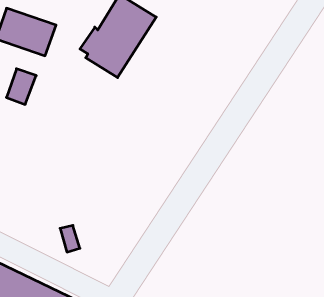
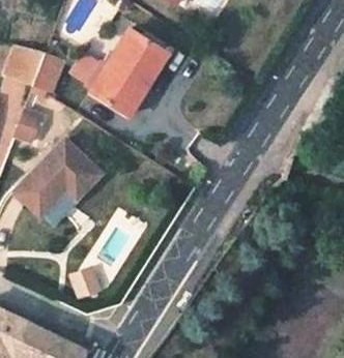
building: none -> [16,140,101,215]

